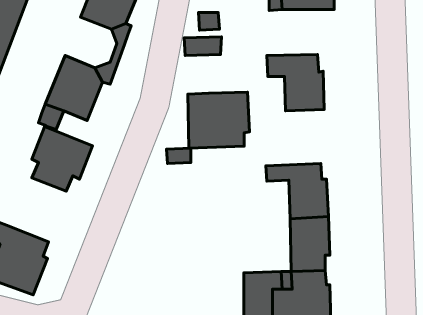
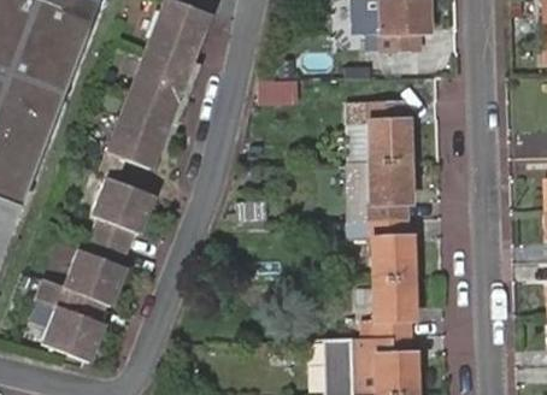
building: none -> [127,58,183,113]
building: [188,92,250,148] -> [345,159,412,220]
building: none -> [63,234,130,306]

